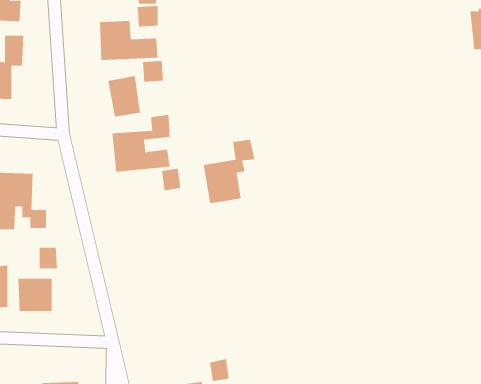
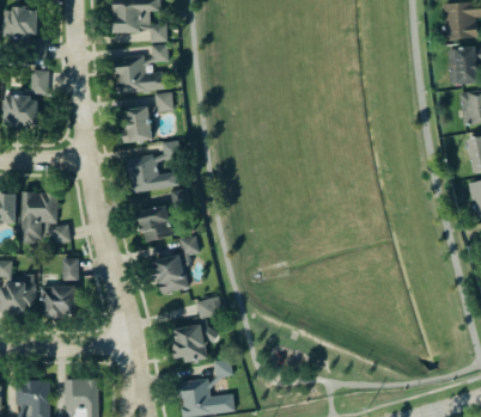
building: [203,139,255,204] -> [153,235,200,293]
building: none -> [140,206,171,239]
building: none -> [171,298,223,362]

